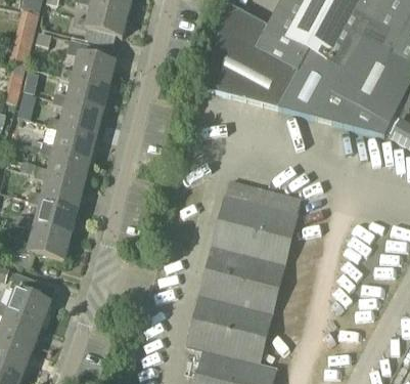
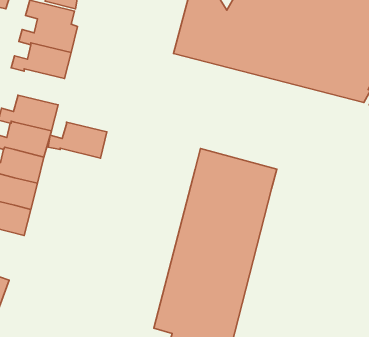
building: [47,102,102,136] -> [48,122,107,158]

